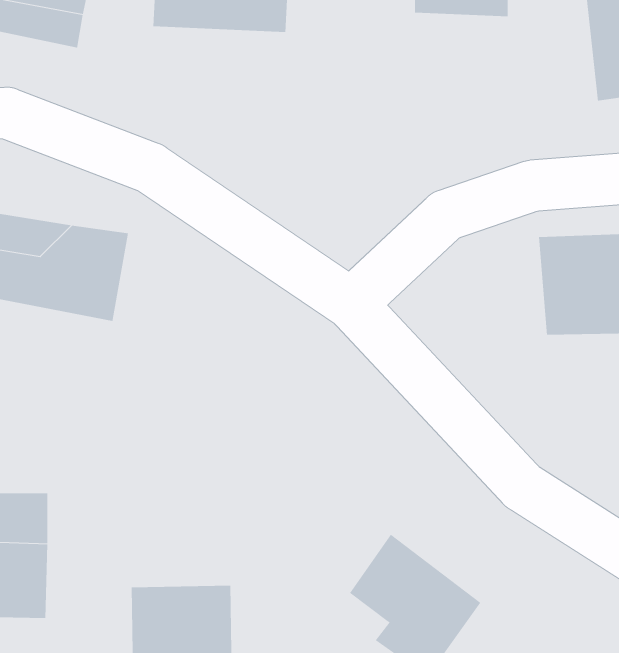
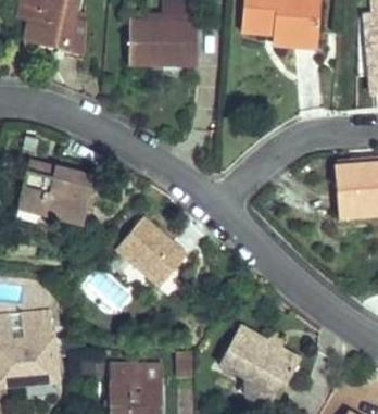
building: none -> [127,221,198,288]

